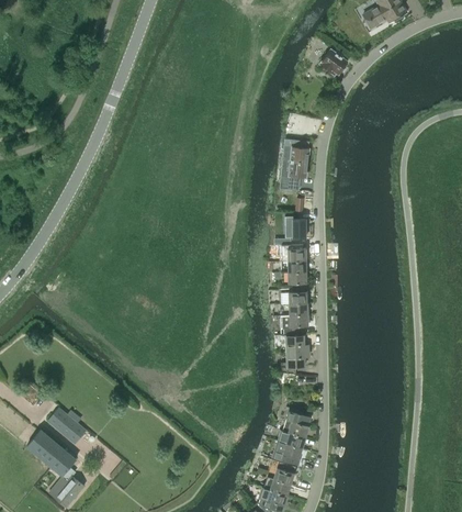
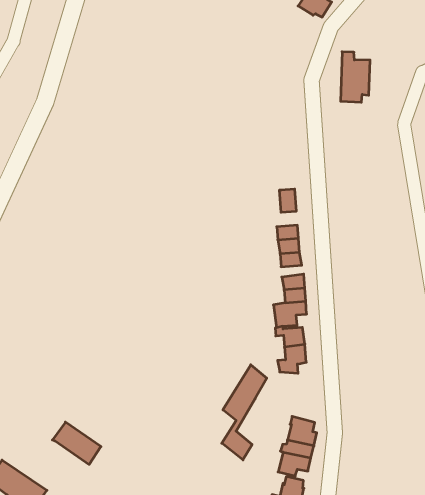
building: [281,140,308,183] -> [341,52,370,102]
building: none -> [222,365,267,460]
building: [46,405,87,443] -> [52,422,101,464]

